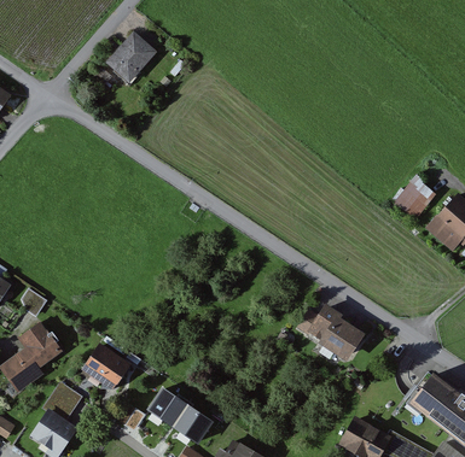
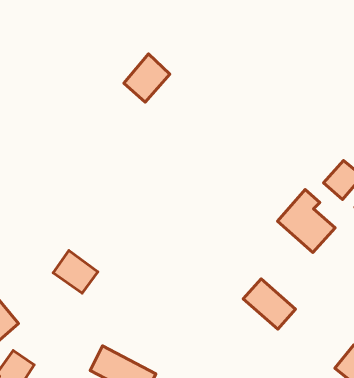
building: [109,31,158,83] -> [124,54,170,102]
building: none -> [277,189,335,252]
building: [85,344,133,389] -> [53,251,98,293]

